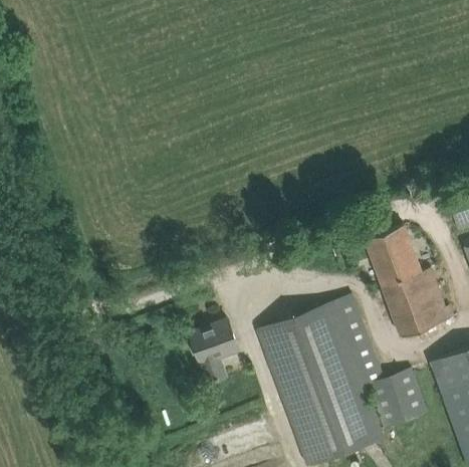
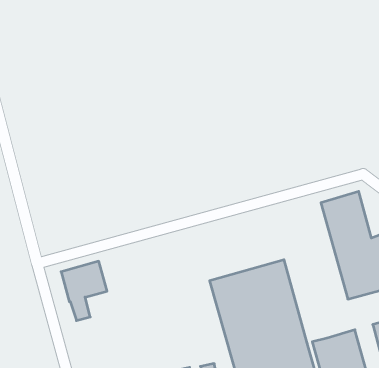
building: [332,296,384,388] -> none
building: [190,321,239,385] -> [61,261,107,321]

